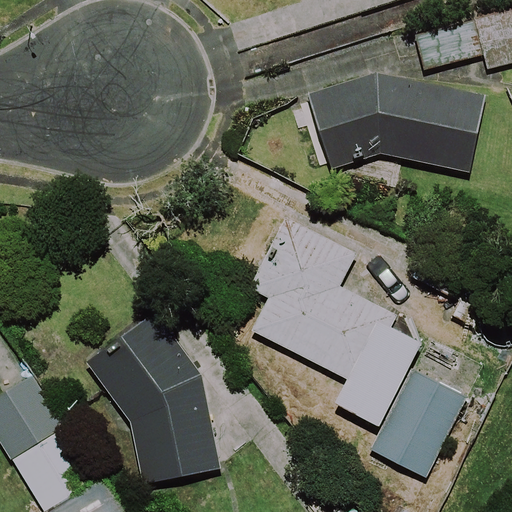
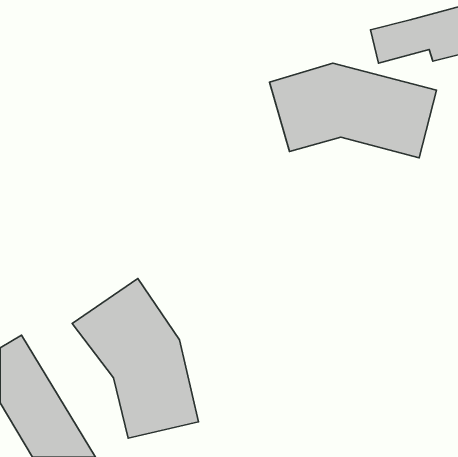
building: [246,218,418,426] -> none
building: [375,372,464,477] -> none

